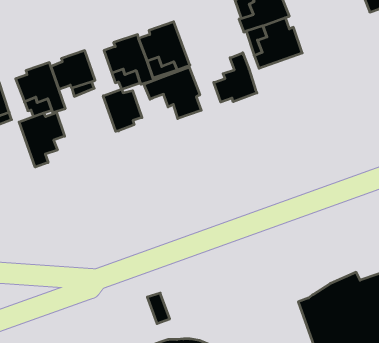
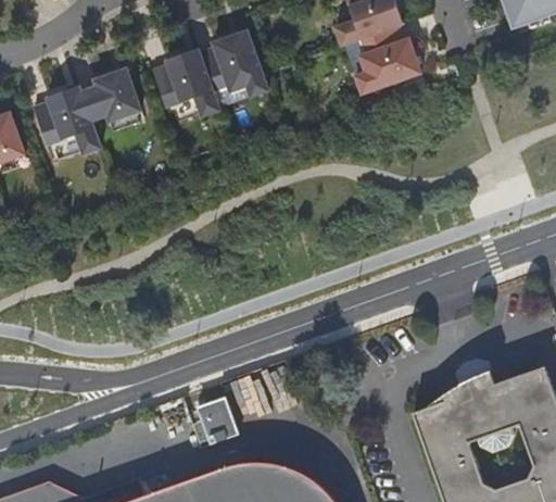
building: [214,53,257,102] -> none
building: [144,67,201,119] -> none
building: [103,89,142,131] -> none
building: [19,112,65,167] -> none

